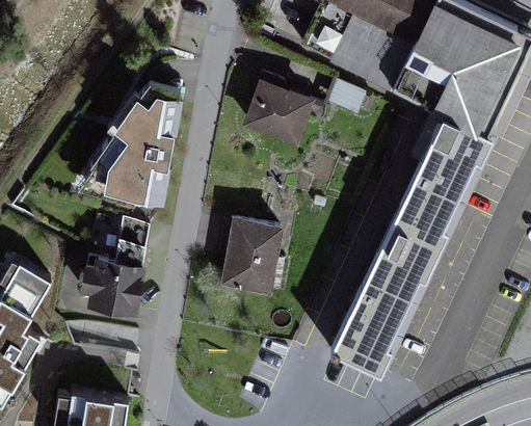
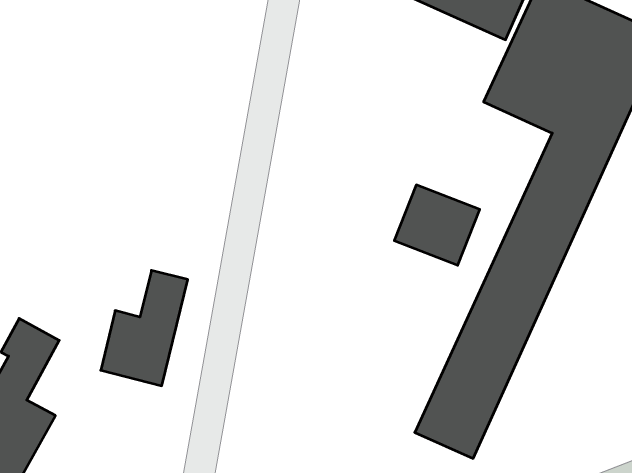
building: [240,83,309,148] -> [394,185,480,265]
building: [72,84,177,211] -> none
building: [220,221,277,292] -> none

